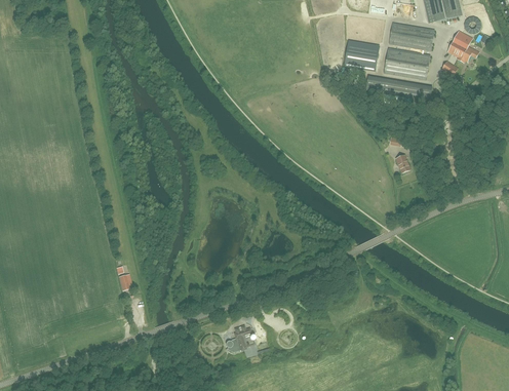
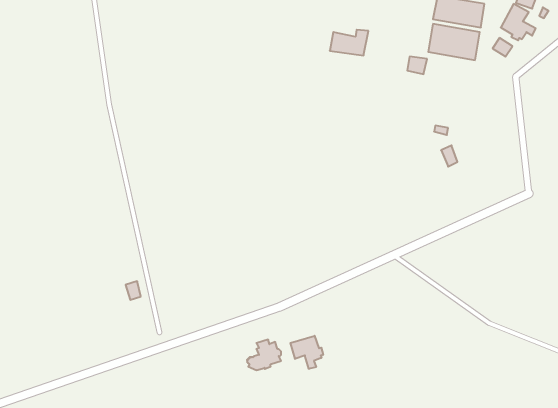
building: [345,46,379,69] -> [330,30,368,55]
building: none -> [290,336,323,369]

